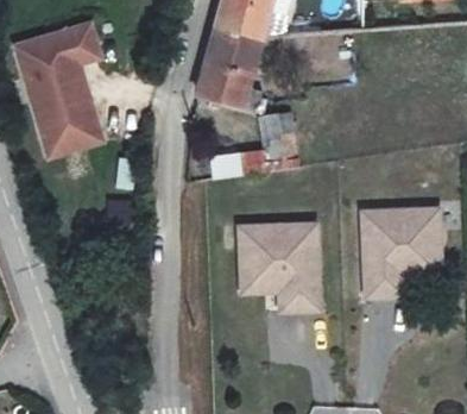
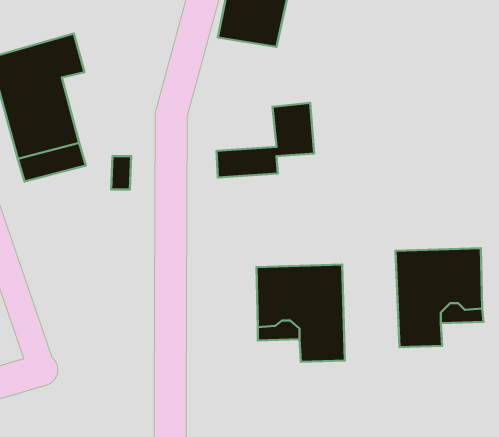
building: [201,34,265,113] -> none

